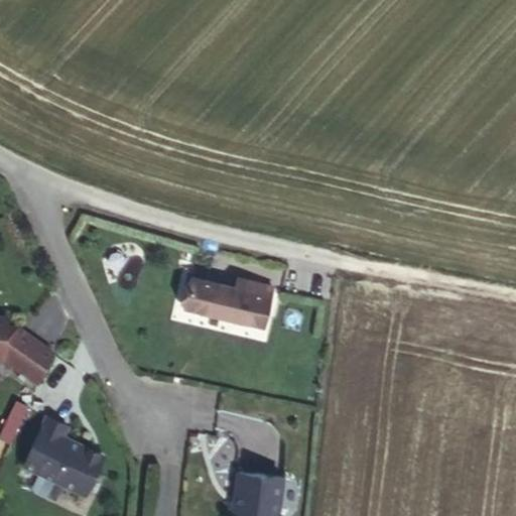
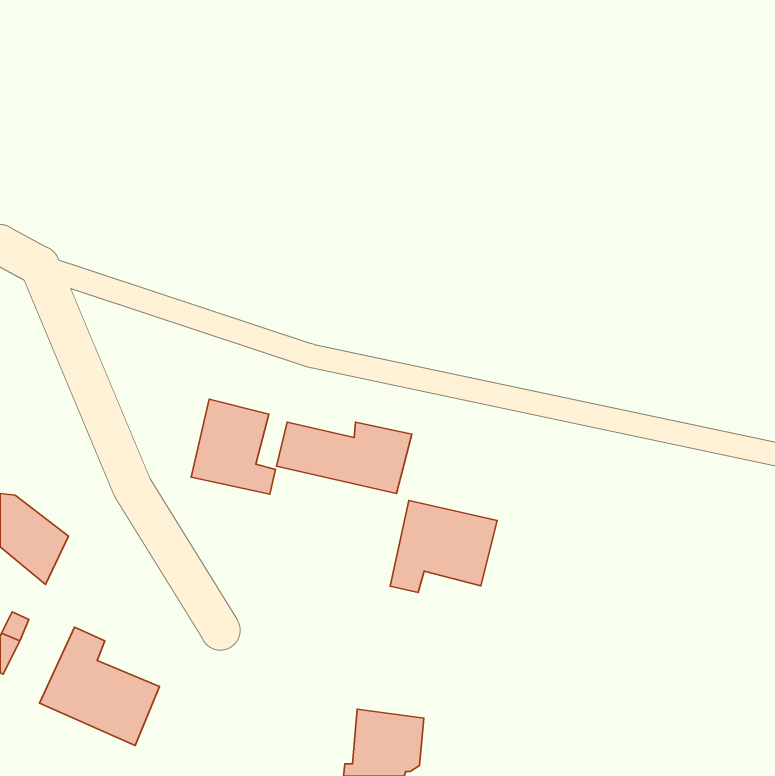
building: none -> [191,399,275,494]
building: none -> [390,500,497,593]

